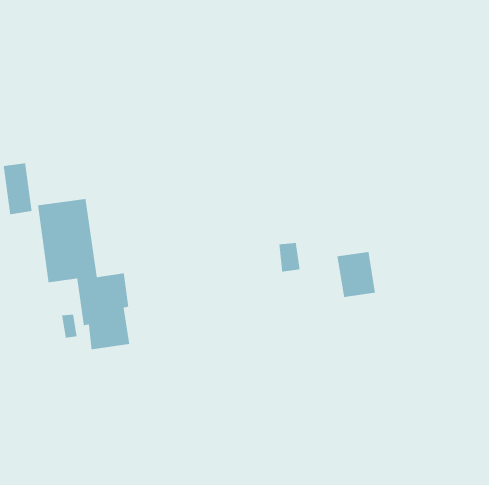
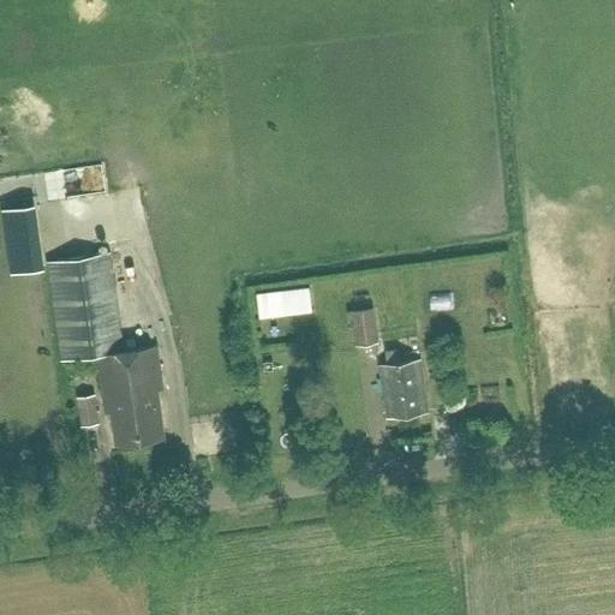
building: none -> [256,289,311,322]
building: [337,251,376,298] -> [377,359,426,418]

